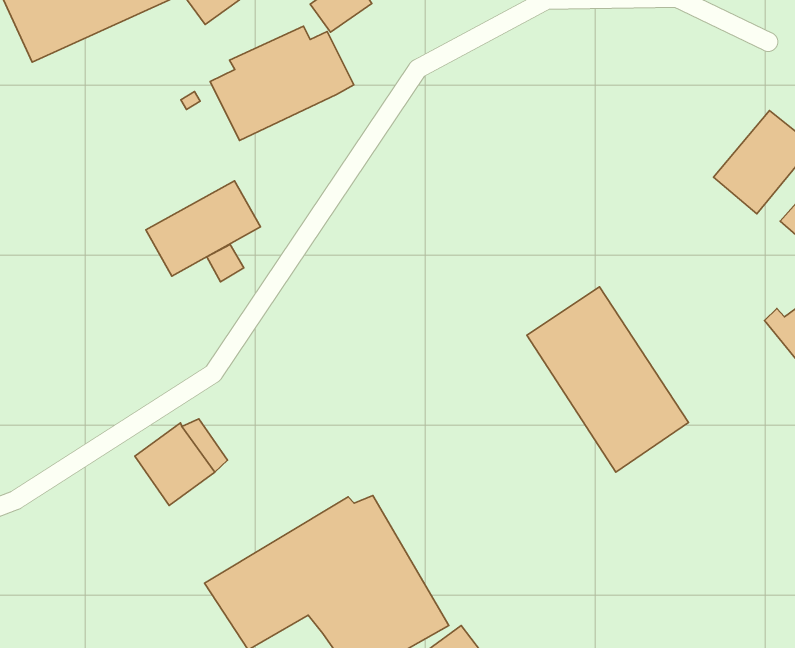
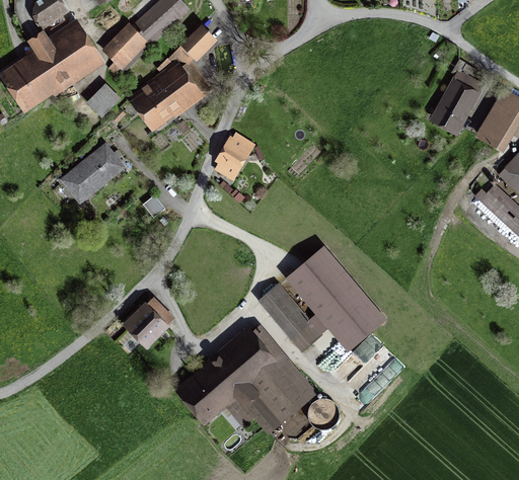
building: none -> [85,82,122,118]
building: none -> [215,134,256,180]
building: [146,181,261,276] -> [59,143,125,204]
building: [527,287,689,472] -> [289,249,390,354]
building: none -> [257,283,323,353]

